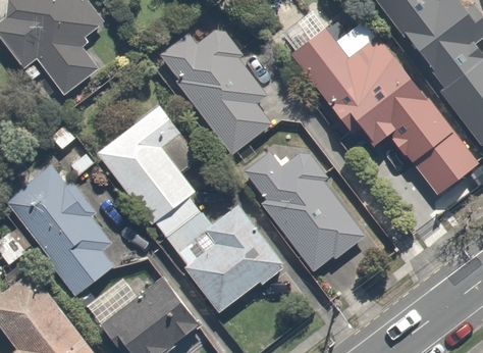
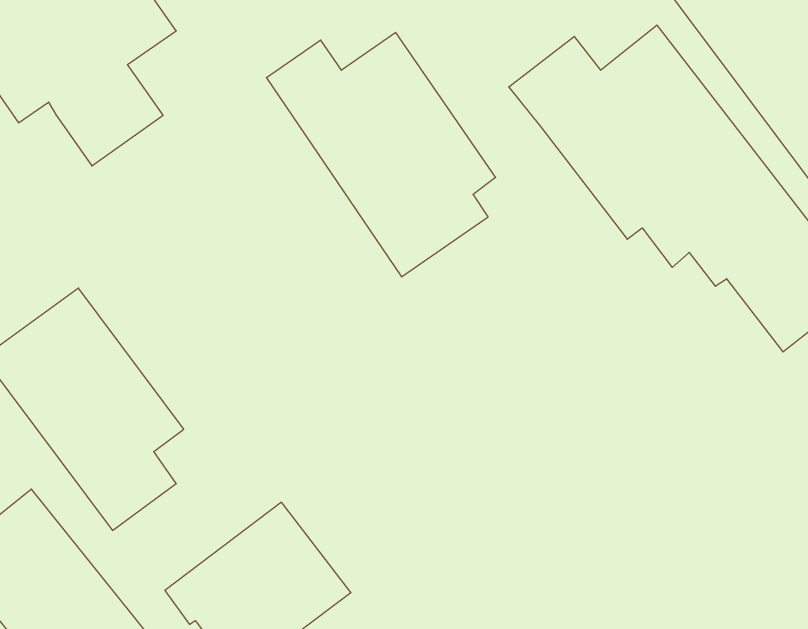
building: [97,104,201,228] -> none
building: [243,151,366,273] -> none
building: [171,202,281,312] -> none

